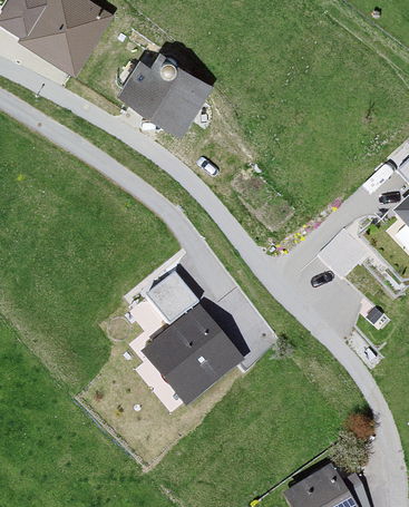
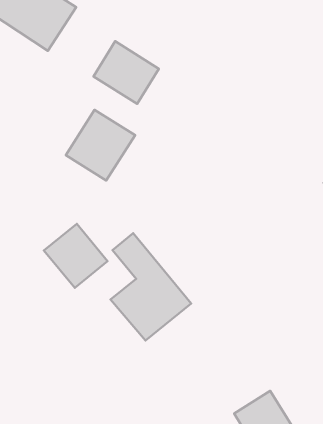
building: none -> [66,110,135,181]
building: none -> [44,224,108,288]

